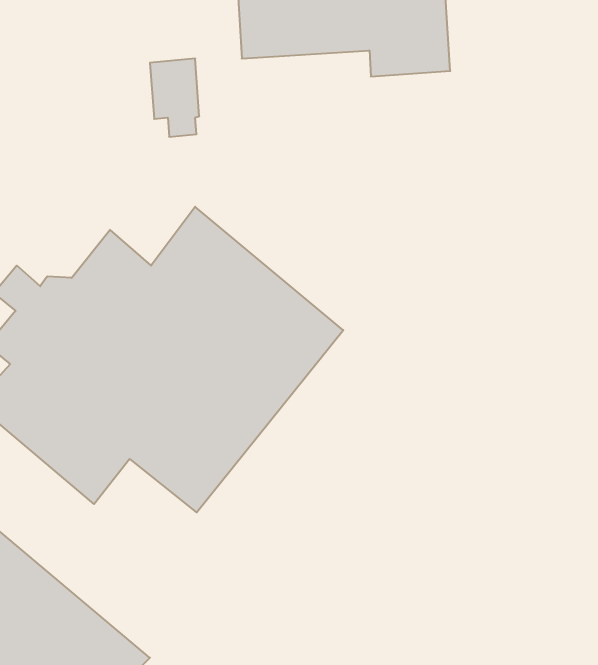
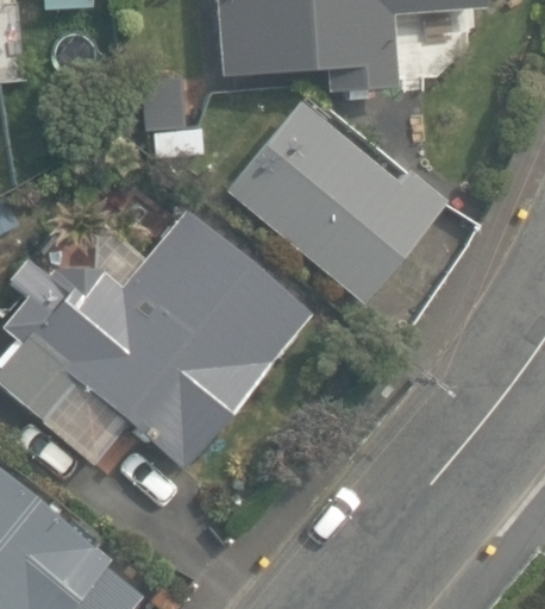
building: none -> [225,98,450,303]

